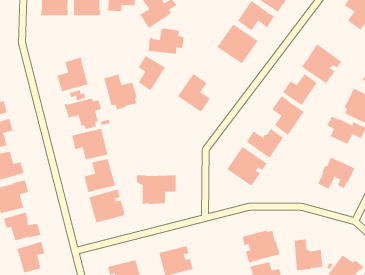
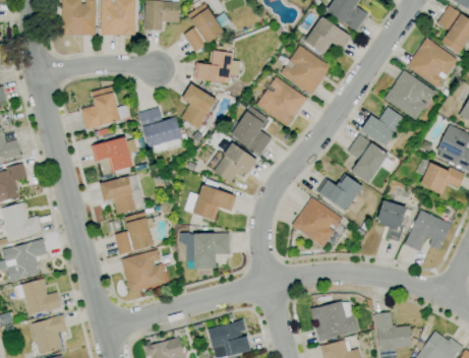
building: none -> [407,38,458,88]
building: none -> [256,77,307,127]
building: none -> [214,143,257,183]
building: none -> [193,185,237,221]
building: none -> [377,200,407,242]

